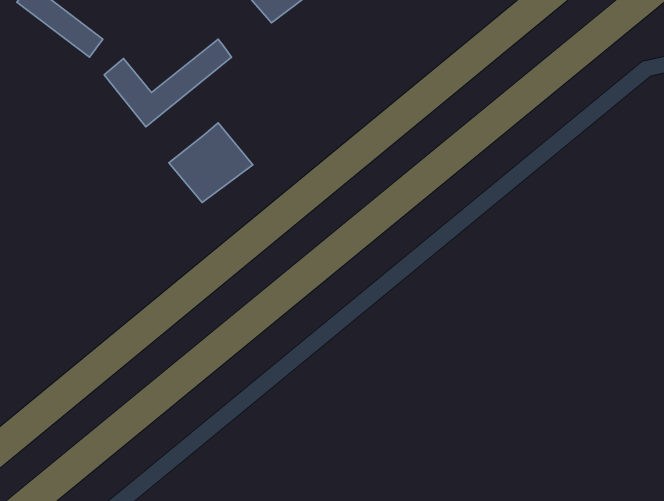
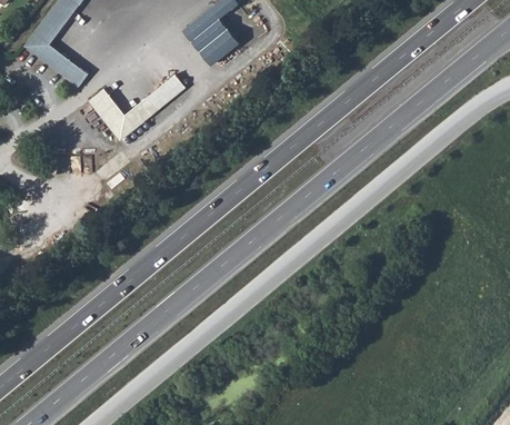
building: [169,123,253,203] -> none

